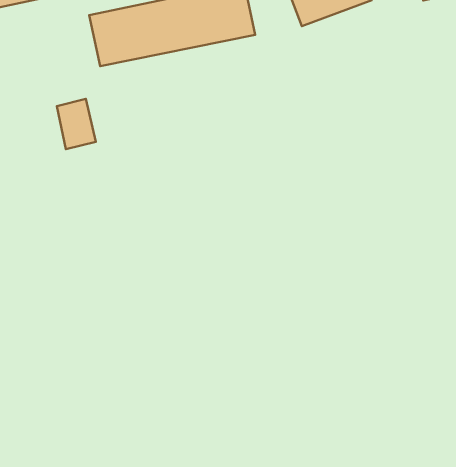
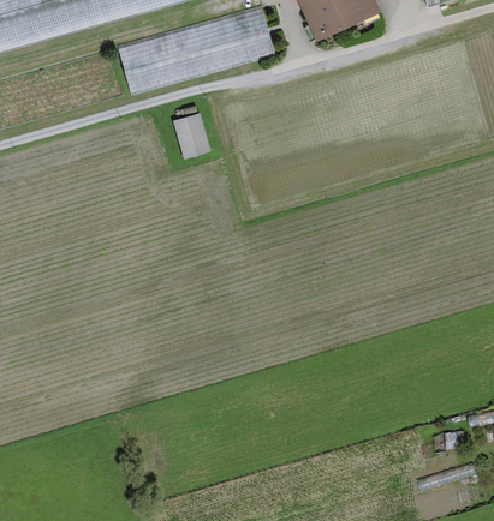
building: [57,99,96,149] -> [174,107,213,155]

